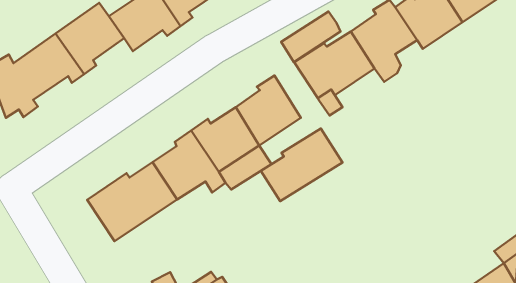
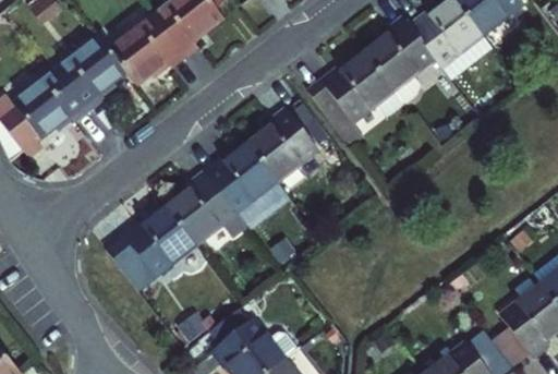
building: [281,12,340,62] -> none
building: [261,129,342,201] -> none

